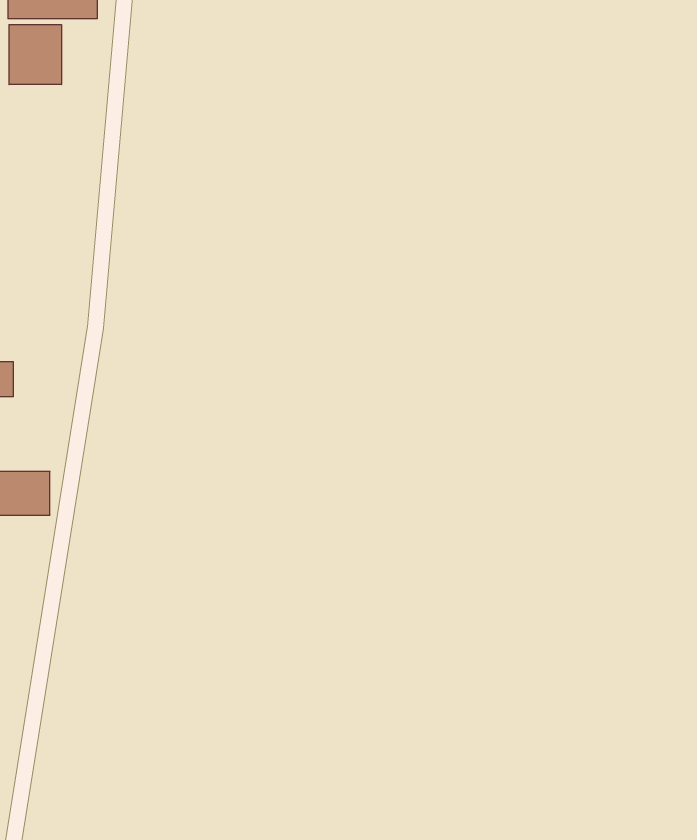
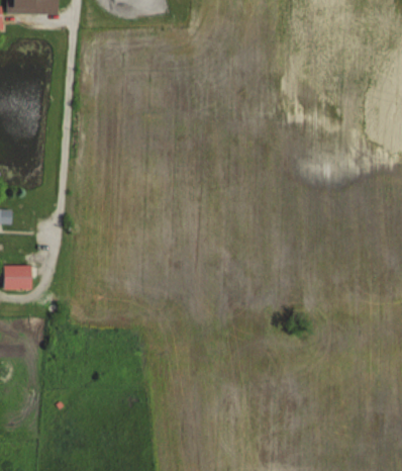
building: [9,25,61,85] -> none

